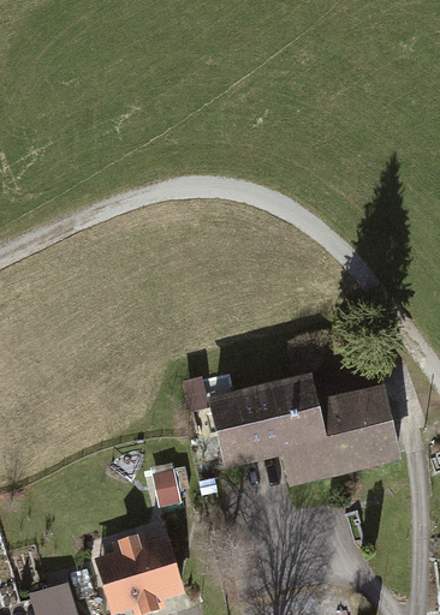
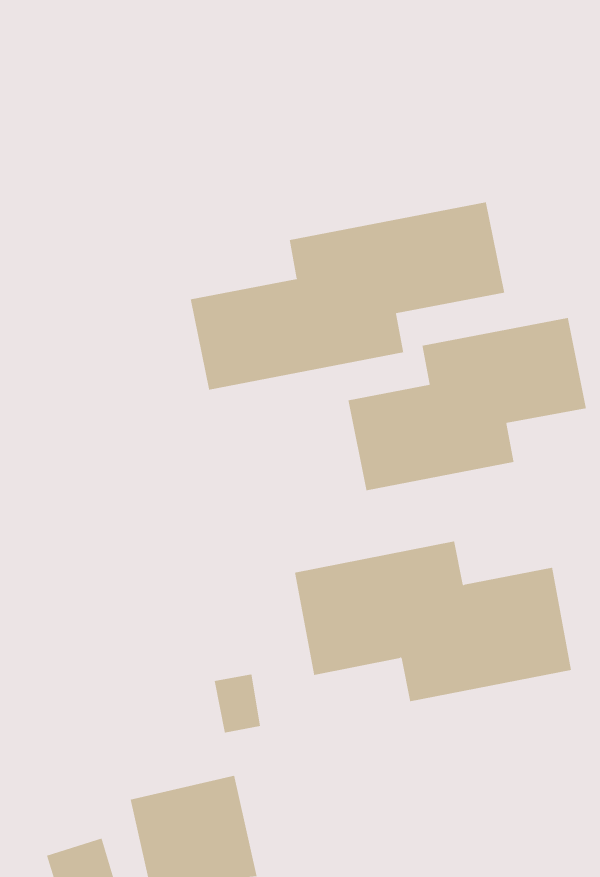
building: none -> [190,201,505,390]
building: none -> [348,317,587,491]

